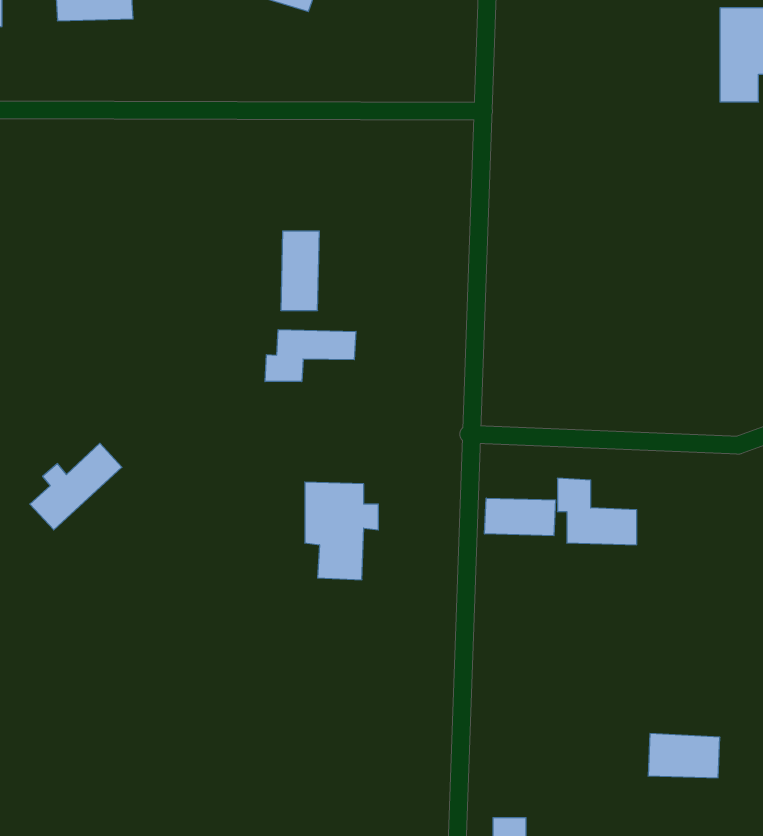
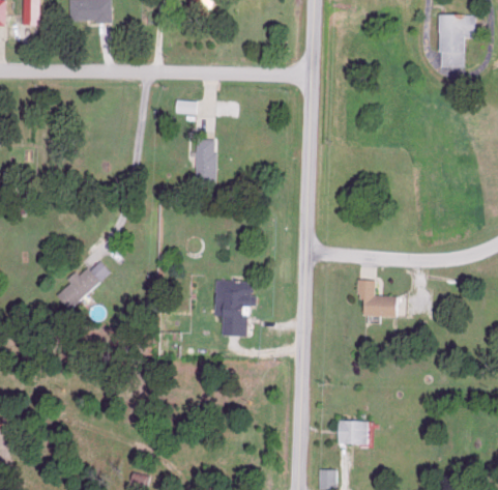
building: [265,330,356,382] -> none
building: [485,498,556,536] -> none
building: [648,734,720,778] -> [330,420,371,444]

